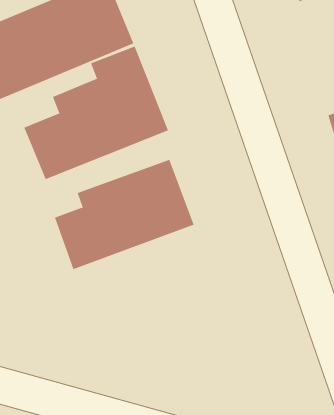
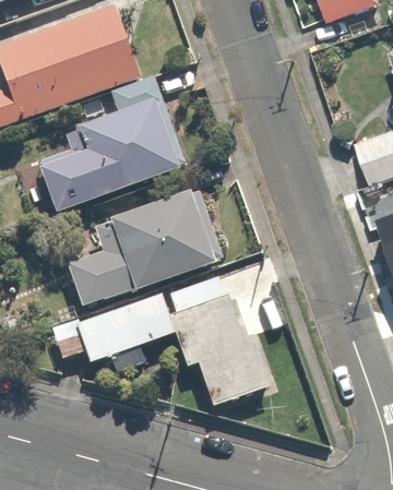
building: none -> [56,274,262,408]

